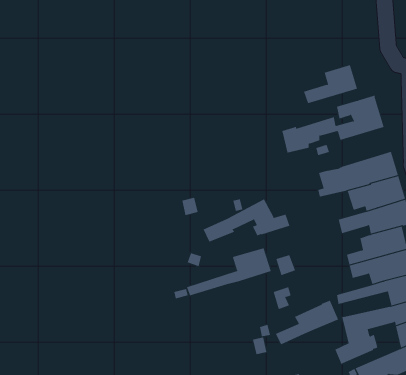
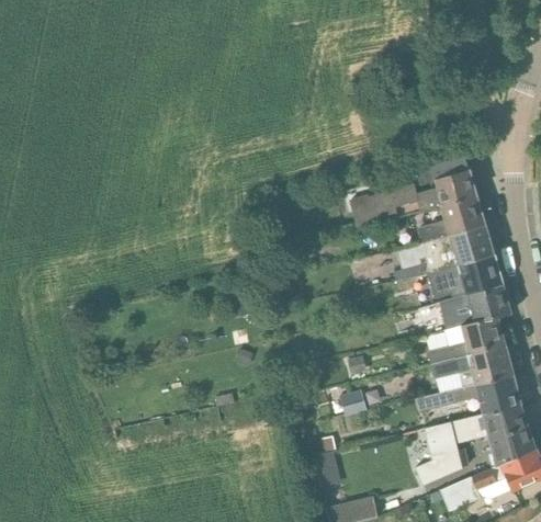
building: [303,65,358,104] -> [418,195,485,243]
building: [203,198,290,243] -> none
building: [186,247,272,296] -> none
building: [275,300,339,345] -> none

